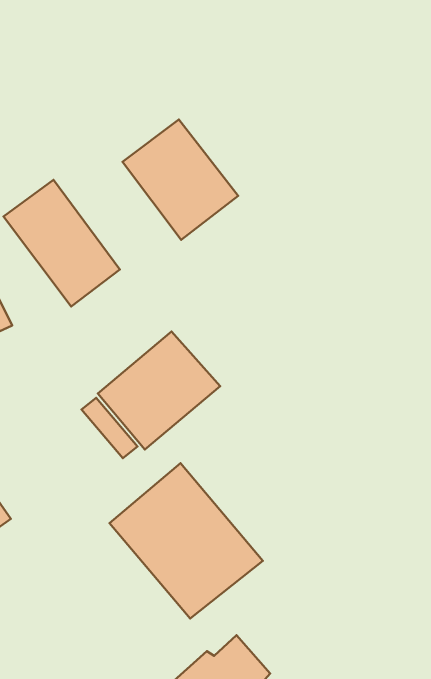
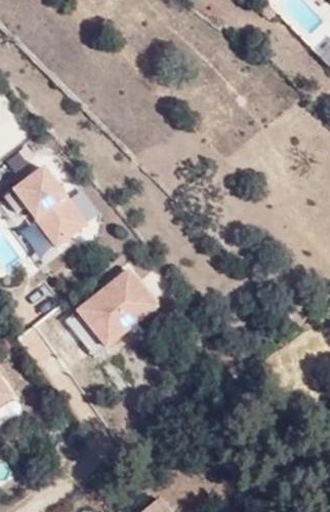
building: [122,119,238,240] -> none
building: [109,463,263,618] -> none

